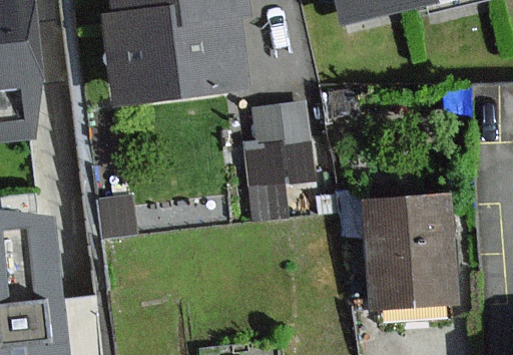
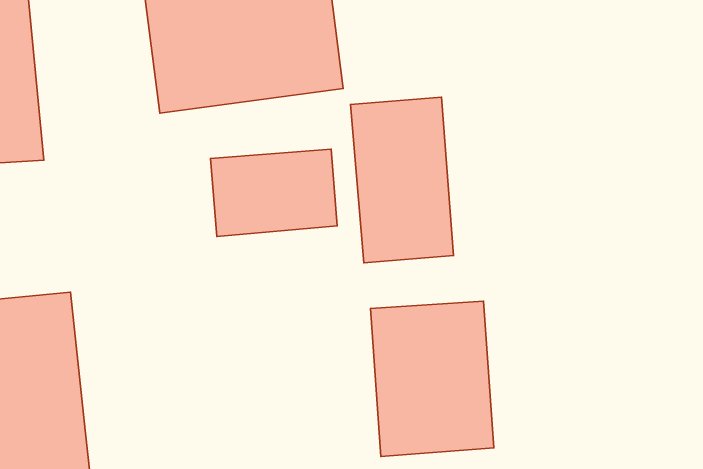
building: none -> [210,149,337,237]
building: [370,200,454,306] -> [370,301,494,457]

